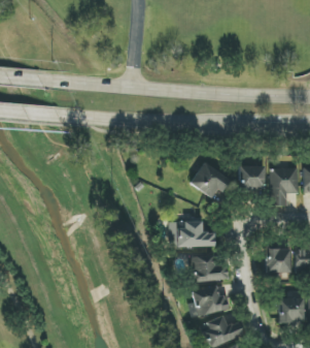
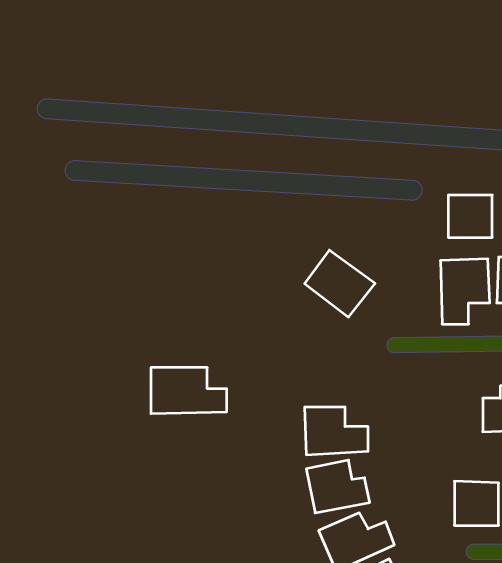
building: [239,165,265,190] -> [448,195,492,237]
building: [170,220,214,247] -> [151,368,227,414]
building: [265,248,290,273] -> none

